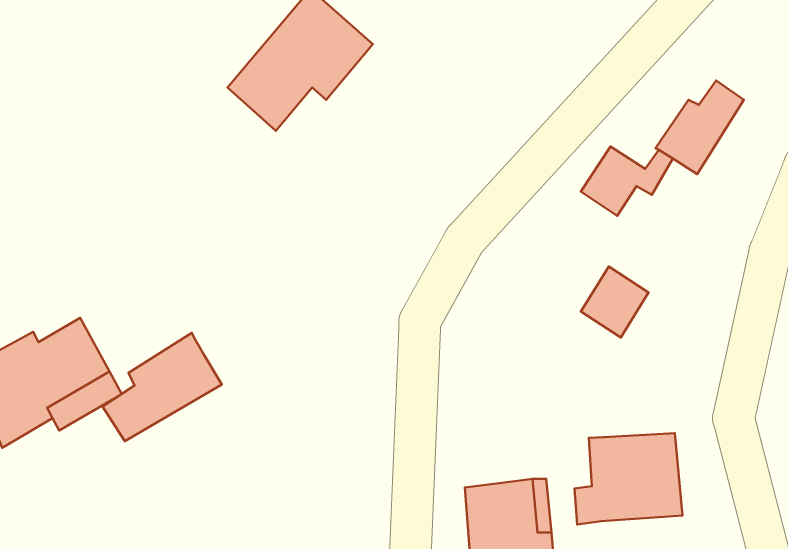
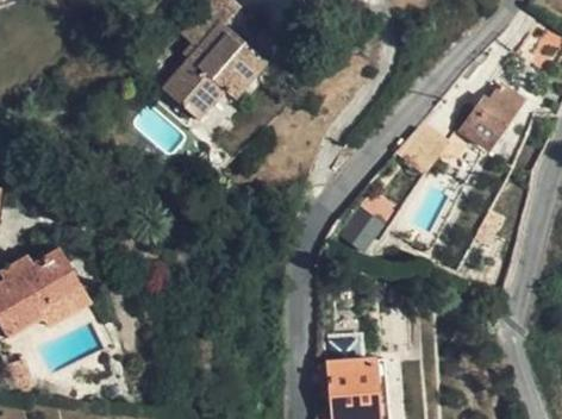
building: [581,267,649,338] -> [338,204,385,252]
building: [103,333,222,441] -> none
building: [574,433,682,524] -> none

